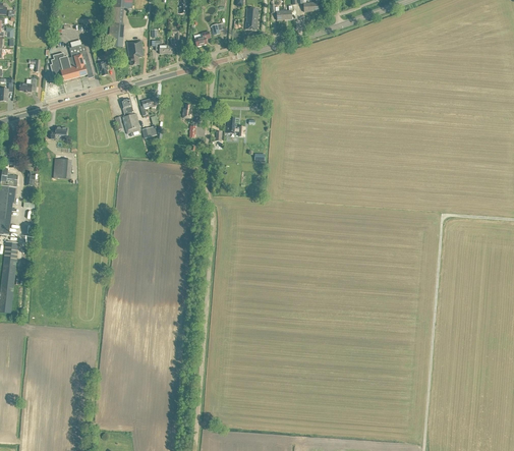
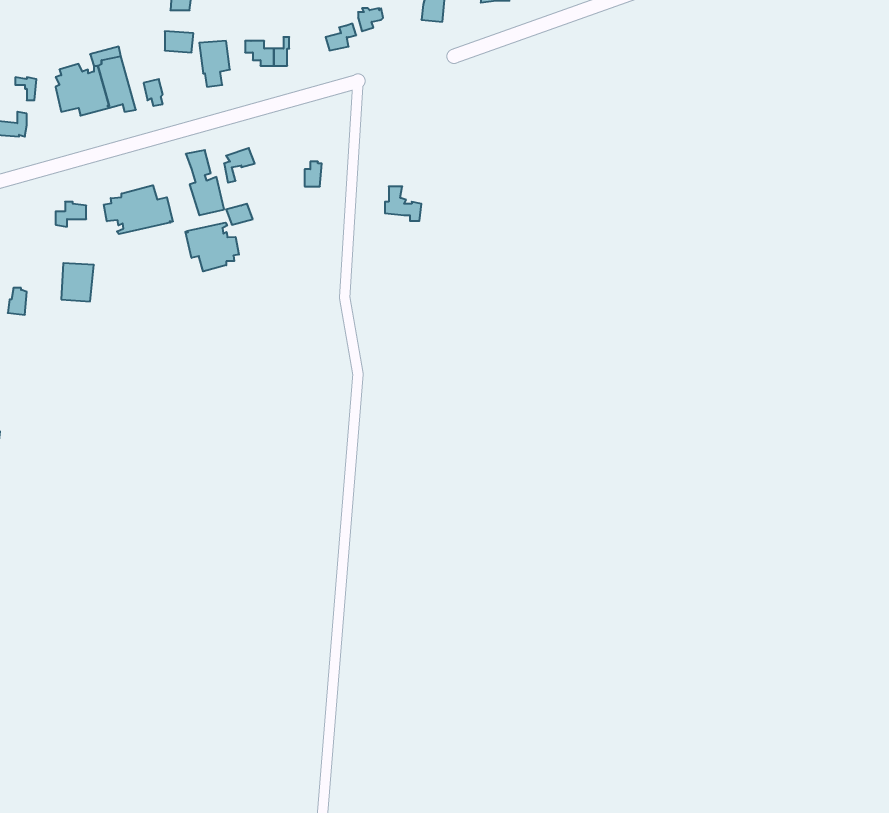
building: none -> [104,185,173,234]
building: none -> [185,223,239,271]

